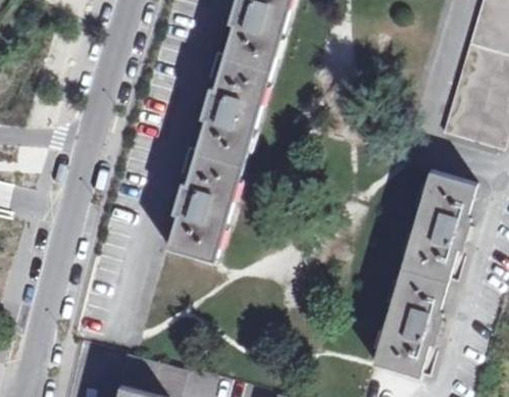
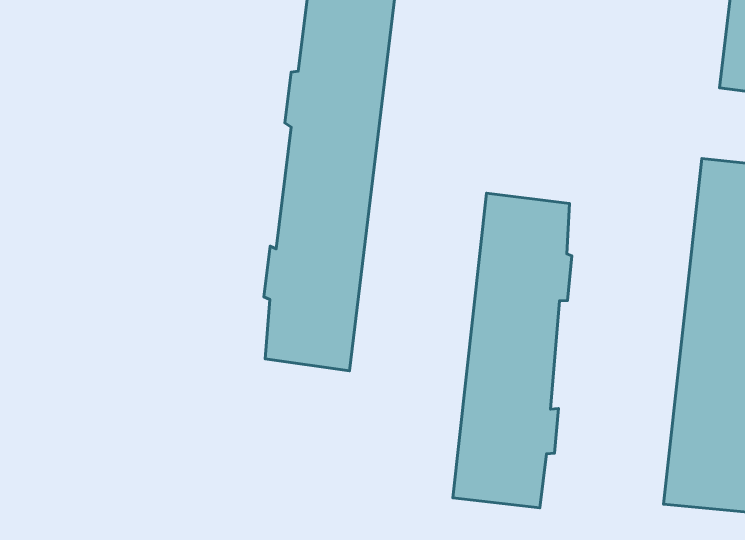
building: none -> [453,193,572,508]

